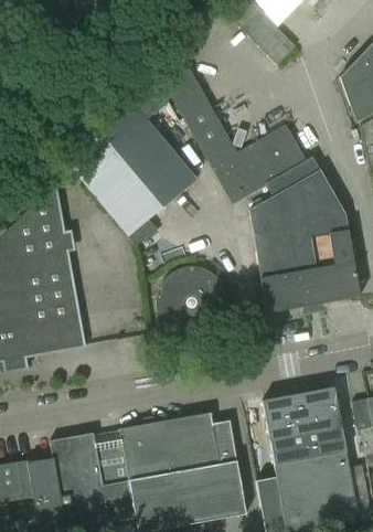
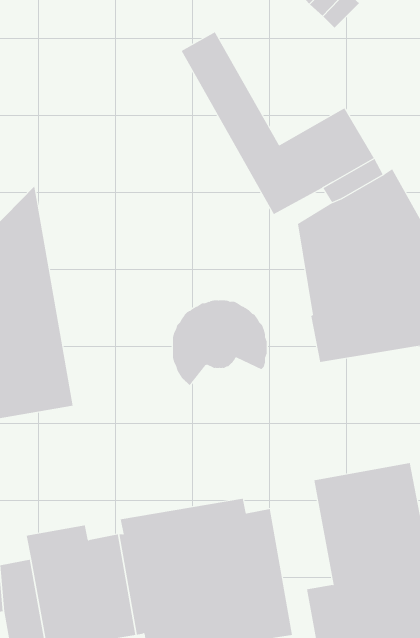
building: [61,66,195,244] -> none

